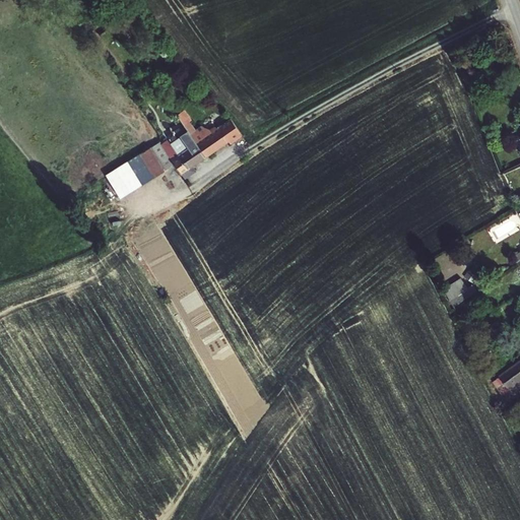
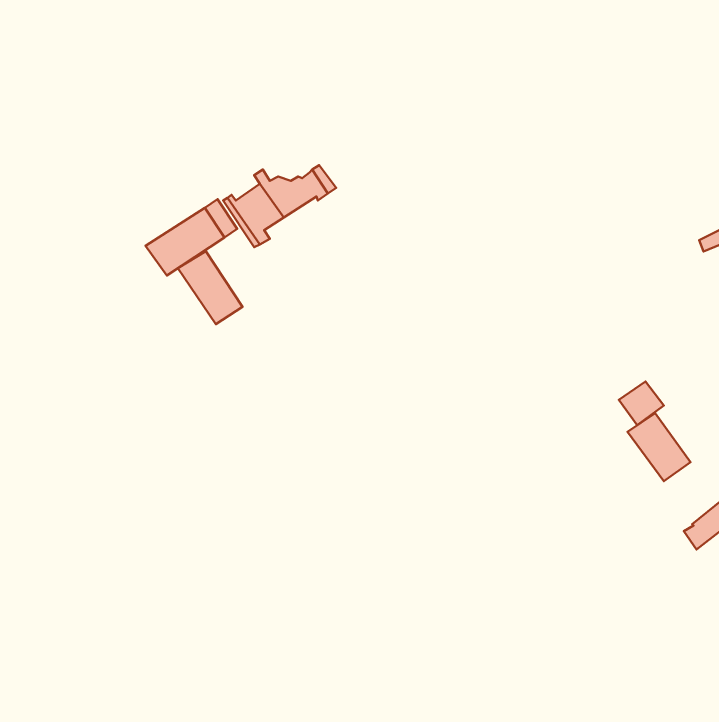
building: none -> [178,251,243,324]
building: none -> [627,413,691,481]

